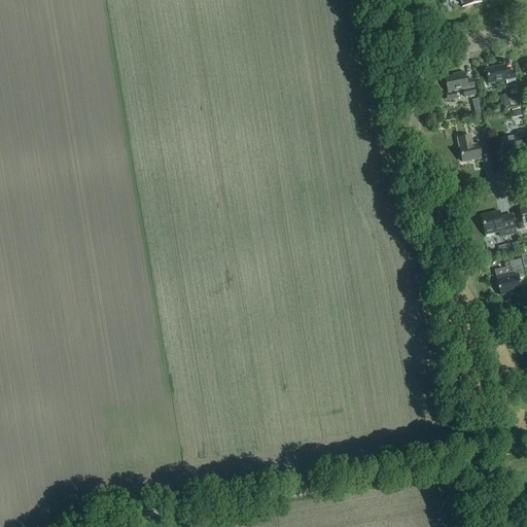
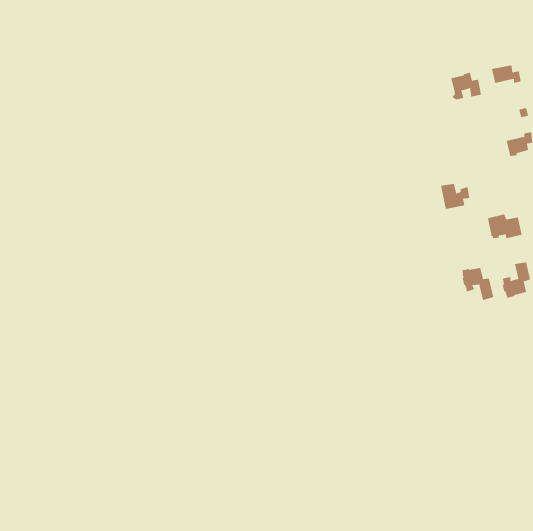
building: [457,135,487,161] -> [440,183,470,210]
building: none -> [462,267,494,301]

